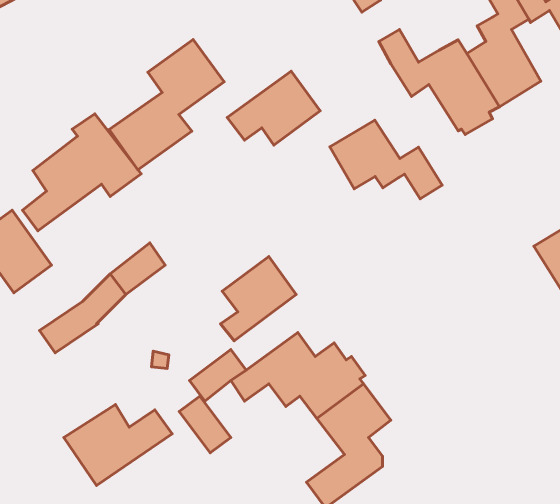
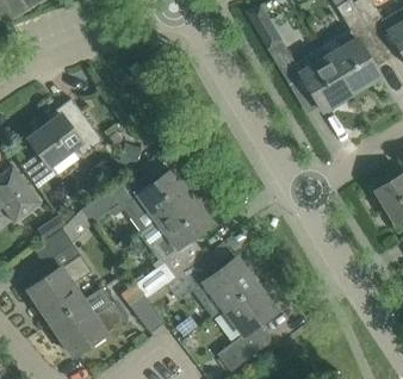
building: [109,39,224,170] -> none
building: [227,71,320,145] -> [126,170,191,222]
building: [330,120,442,199] -> none
building: none -> [27,255,91,323]

